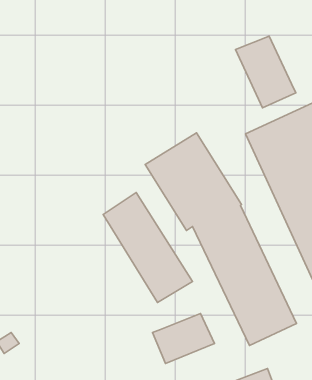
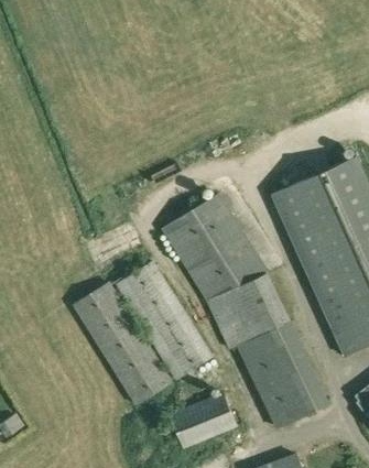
building: [236,36,296,108] -> none
building: none -> [72,282,173,405]

